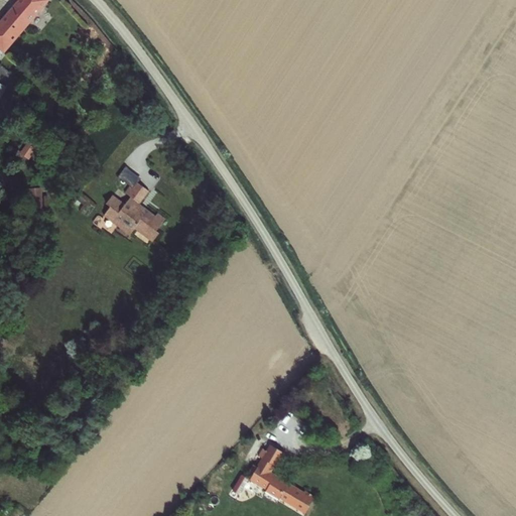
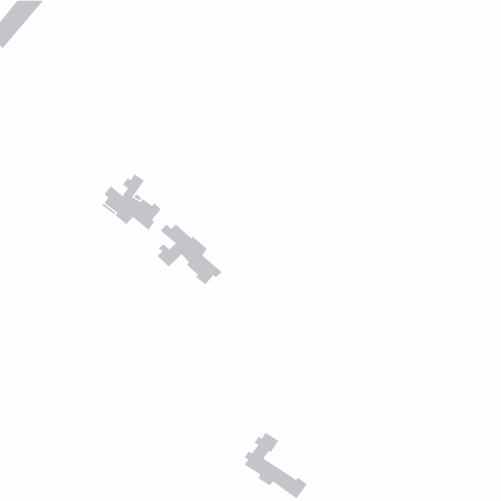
building: none -> [157,224,223,285]

